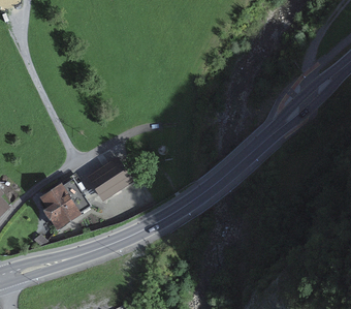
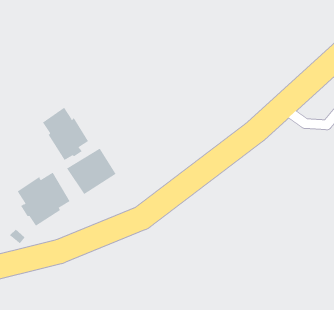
building: none -> [42,107,89,161]

